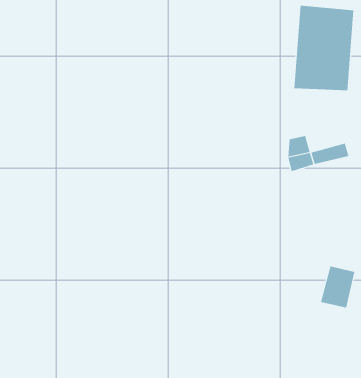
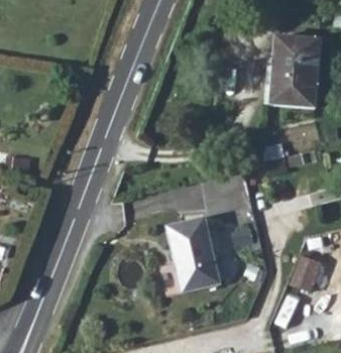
building: none -> [167,219,219,292]

